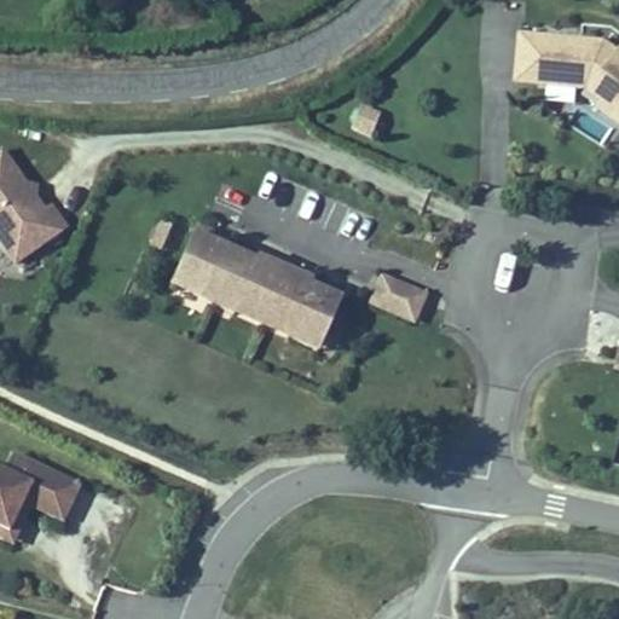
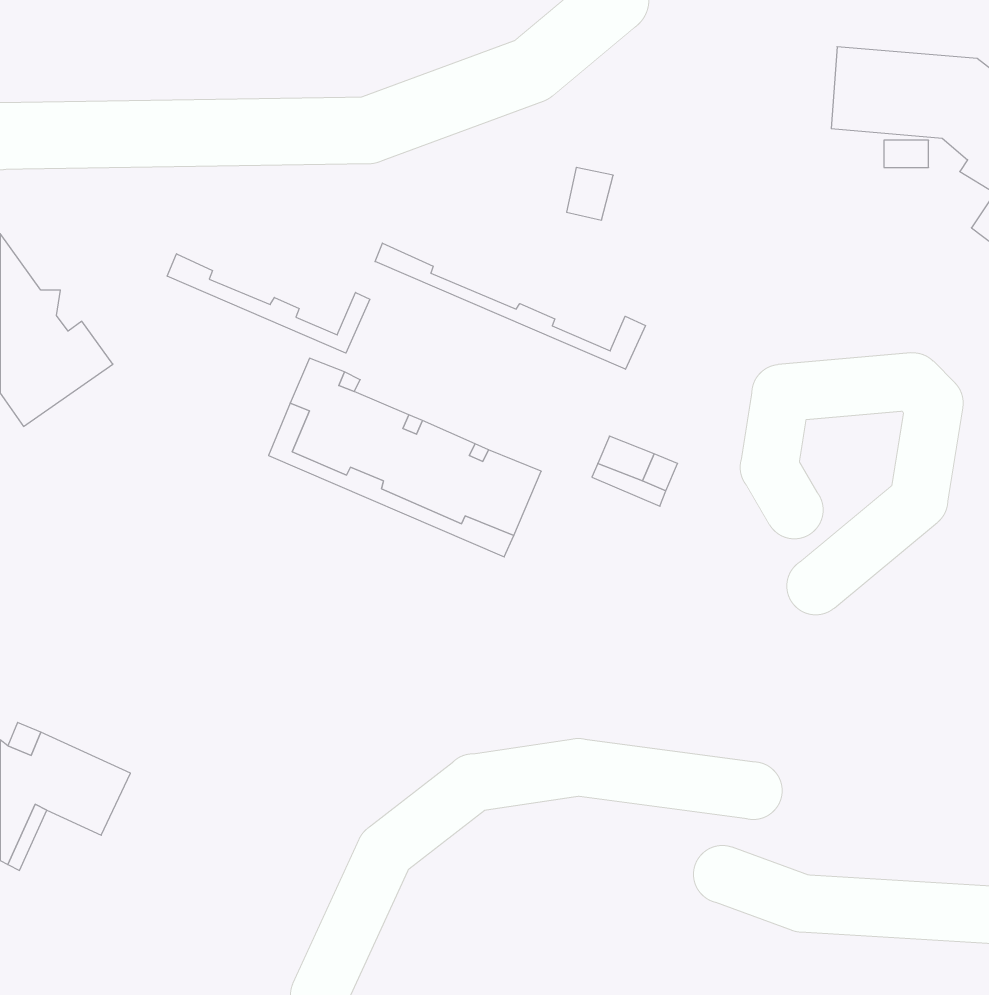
building: none -> [375,243,645,369]
building: none -> [167,254,370,353]

